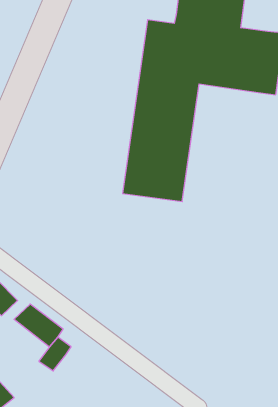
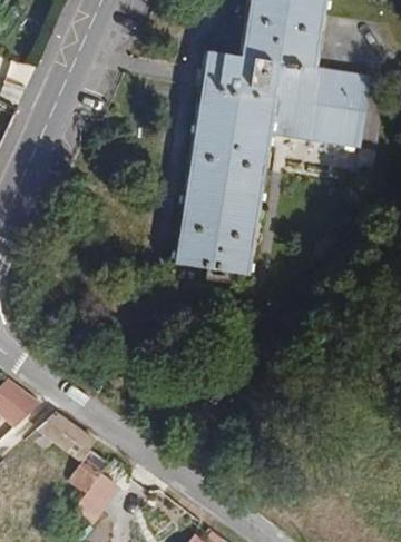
building: none -> [76,473,121,532]

